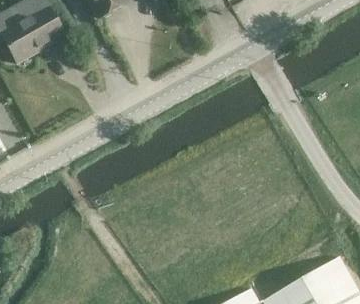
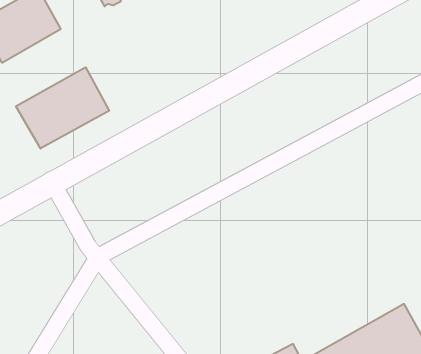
building: none -> [16,67,109,149]

